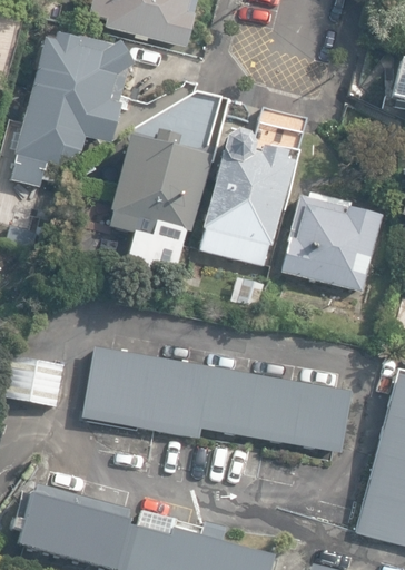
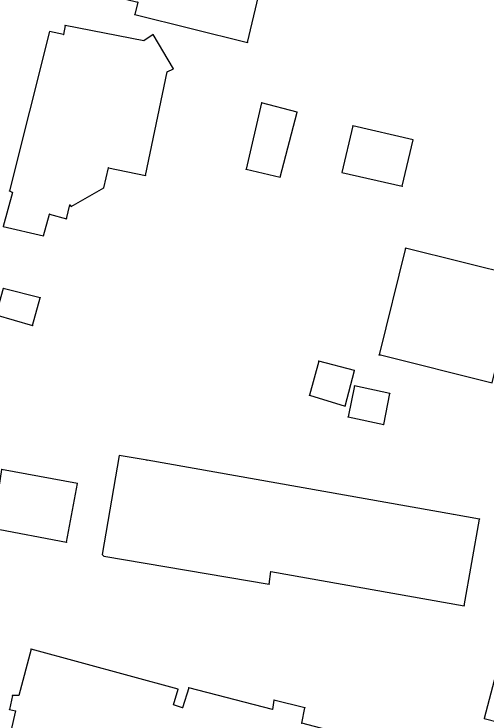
building: [108,129,209,274] -> none
building: [200,132,290,267] -> none

